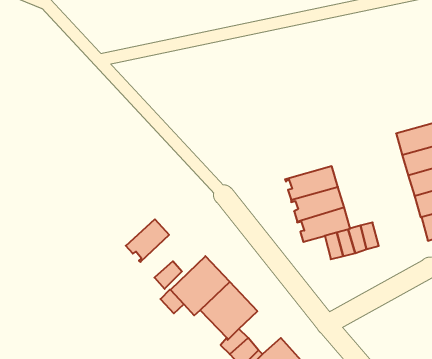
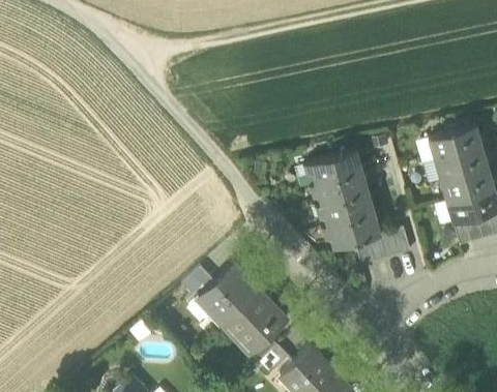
building: none -> [308,150,361,185]
building: [126,219,169,262] -> none

